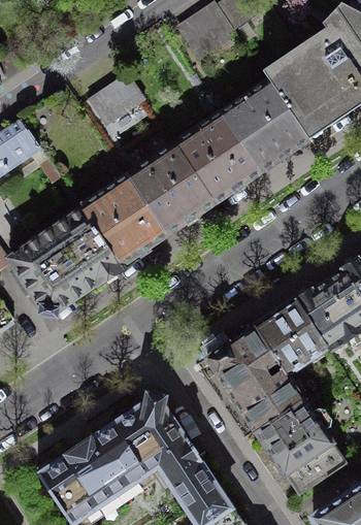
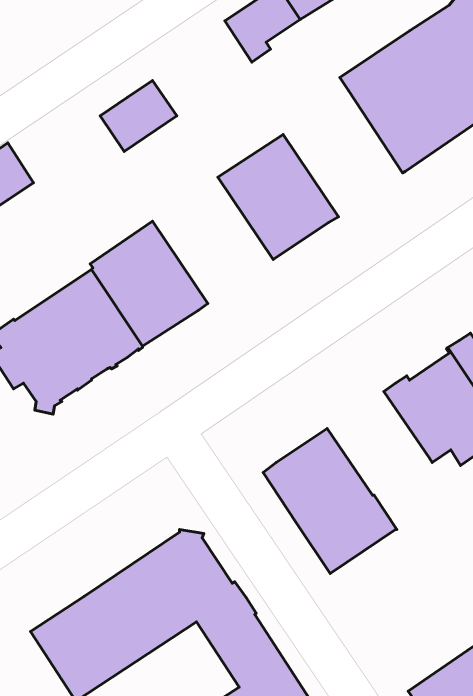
building: [222,80,308,172] -> none
building: [127,143,215,235] -> none
building: [254,299,328,374] -> none
building: [256,399,346,494] -> none

